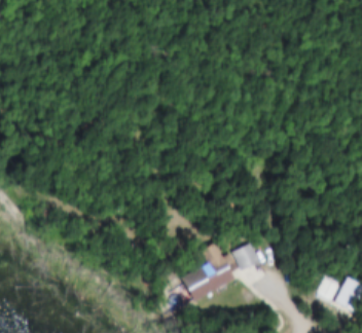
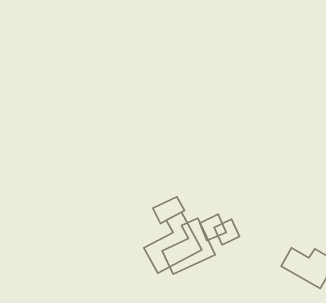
building: none -> [153,197,184,223]

